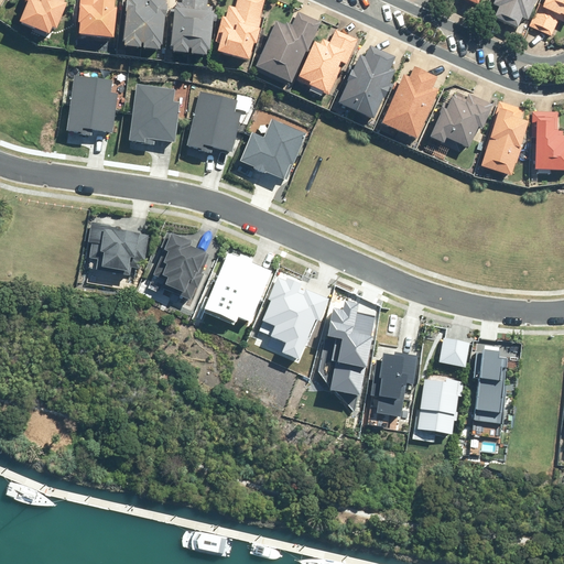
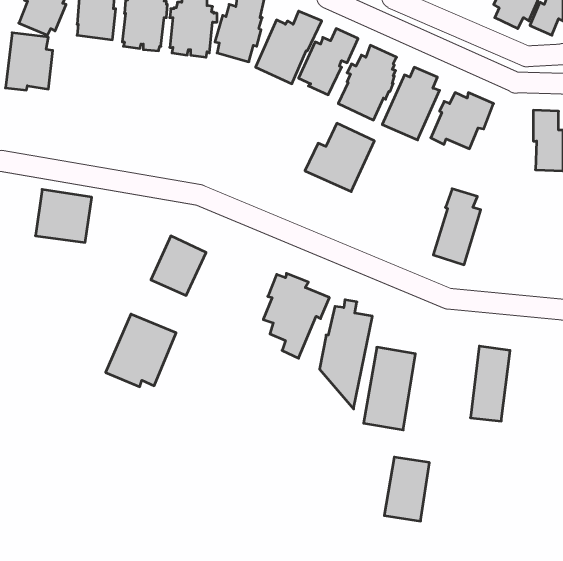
building: [68,75,116,132] -> [5,33,53,90]
building: [130,84,178,142] -> none
building: [187,91,239,150] -> none
building: [481,100,529,176] -> [433,189,481,265]
building: [241,116,311,184] -> [305,123,374,192]
building: [89,226,145,279] -> [35,189,92,242]
building: [202,249,272,322] -> [106,314,176,387]
building: [440,336,471,366] -> none
building: [415,379,460,443] -> [384,457,429,521]

